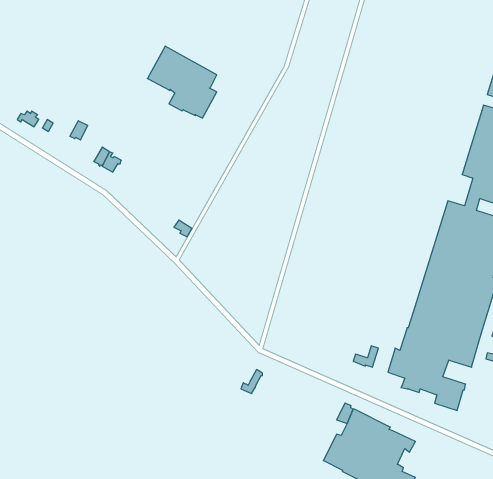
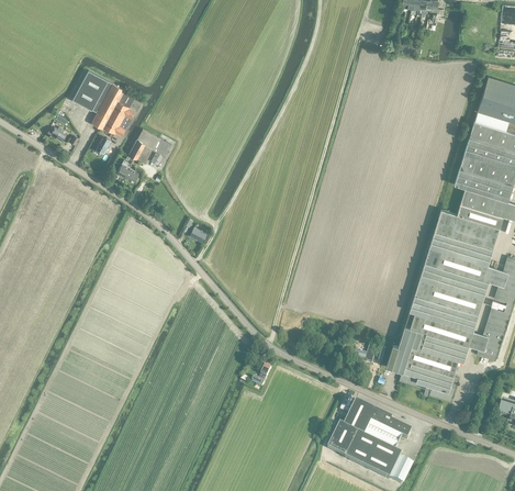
building: [147,46,217,118] -> [71,69,135,135]
building: none -> [128,129,171,164]

